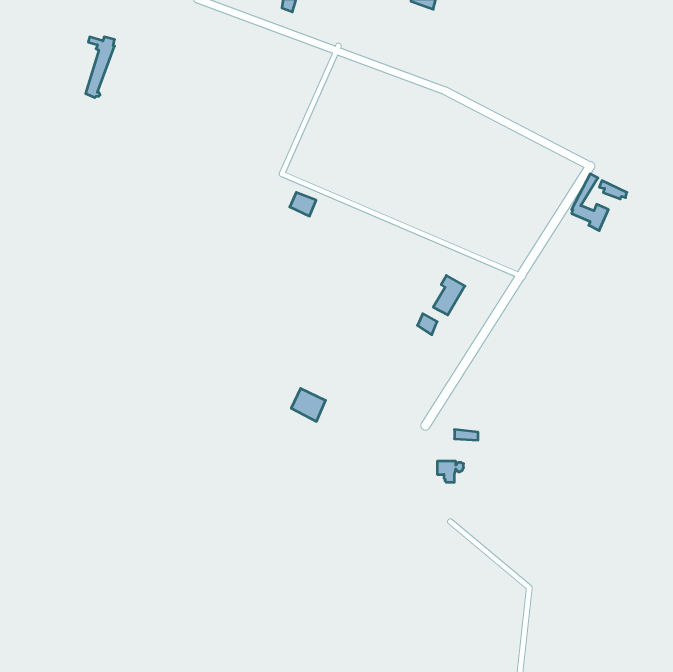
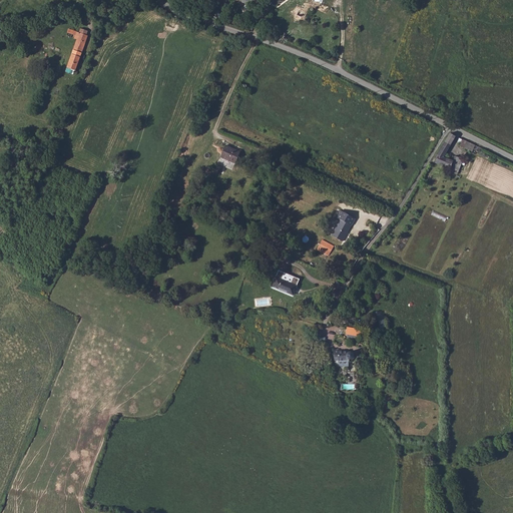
building: [291,388,326,421] -> [272,270,298,295]

